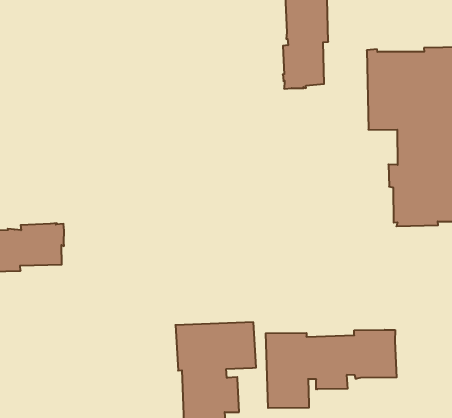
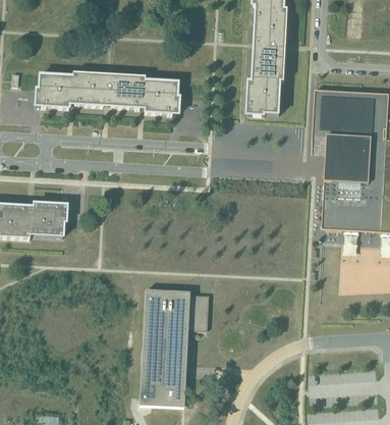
building: none -> [35,71,178,113]
building: [266,330,397,408] -> none

